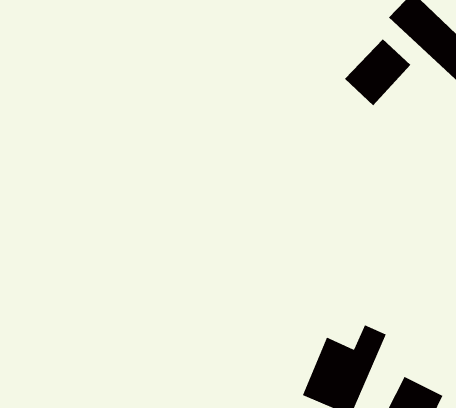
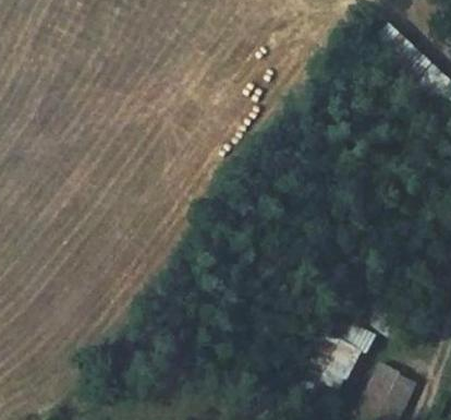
building: [344,38,411,106] -> none

